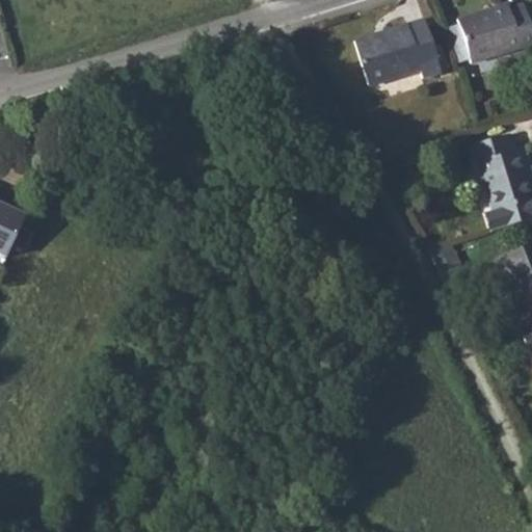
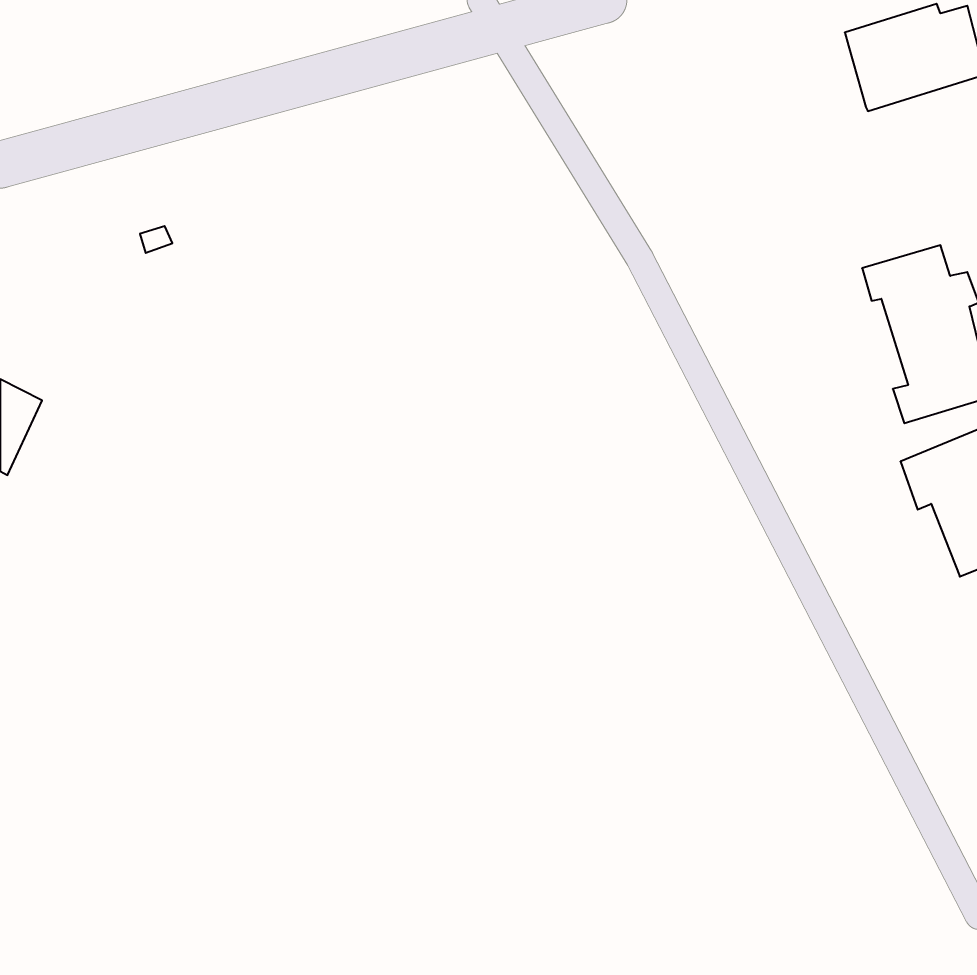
building: [361,19,444,83] -> none

